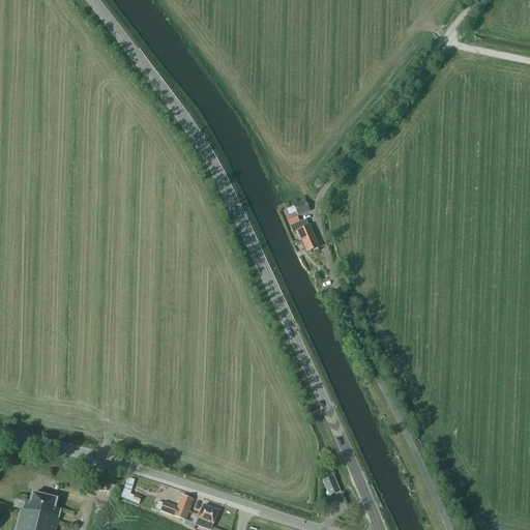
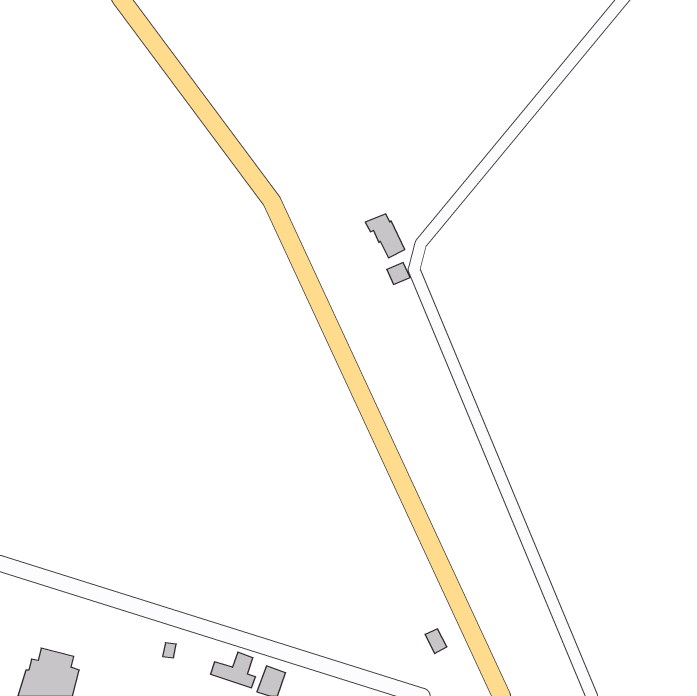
building: [290,218,320,252] -> [365,214,405,258]

